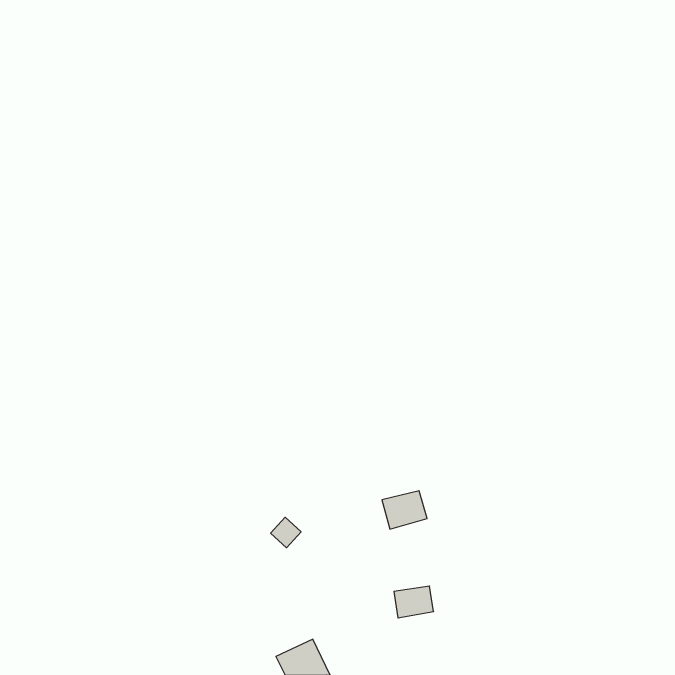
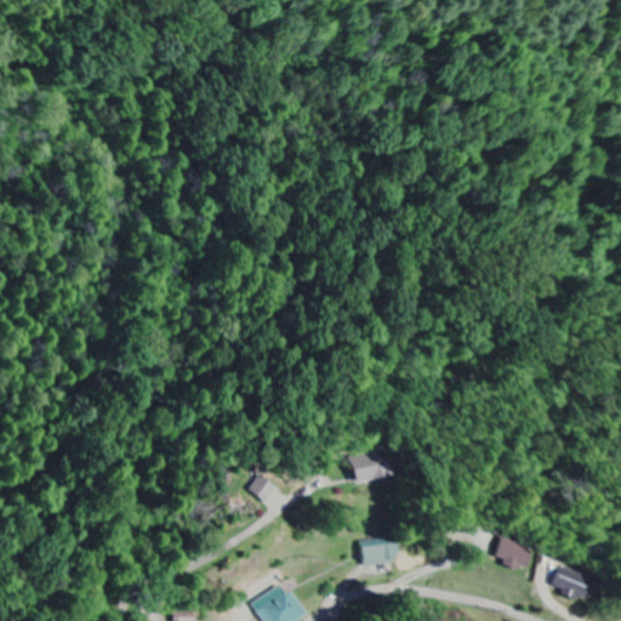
building: none -> [494,536,532,571]
building: none -> [551,564,602,604]

